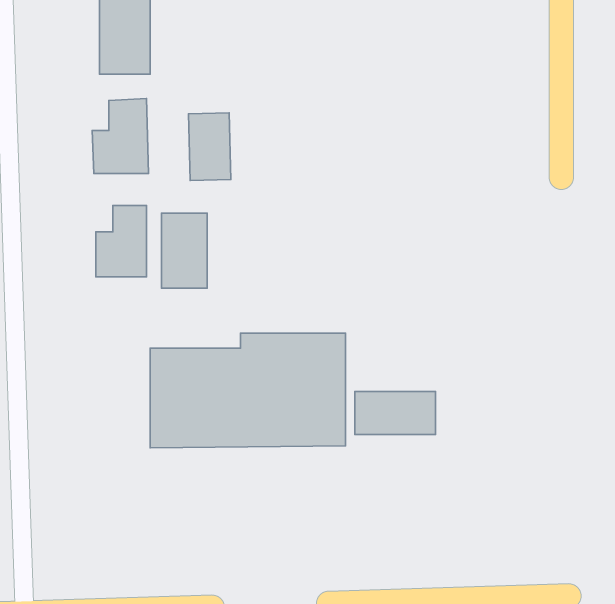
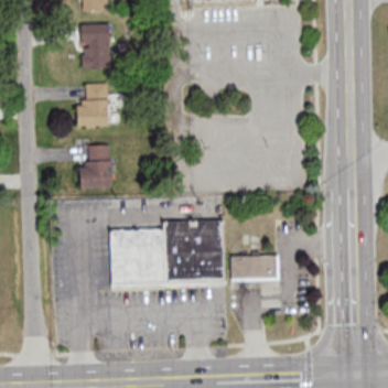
building: [189,113,231,181] -> none
building: [161,213,207,288] -> none

